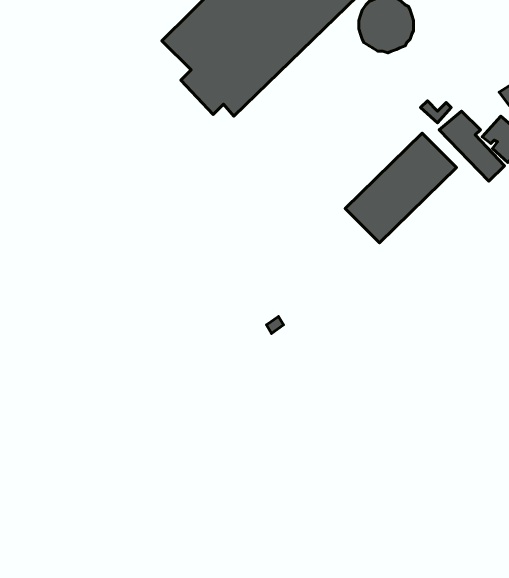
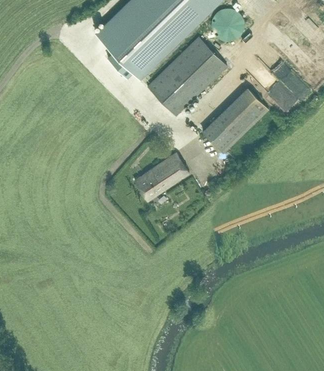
building: none -> [147,36,226,116]
building: none -> [133,152,189,200]

